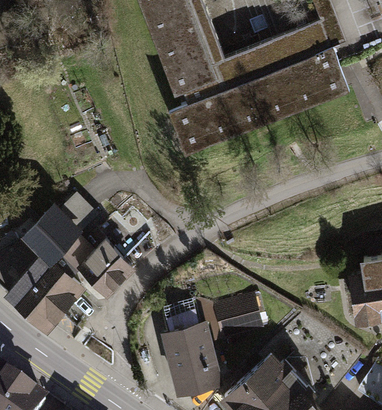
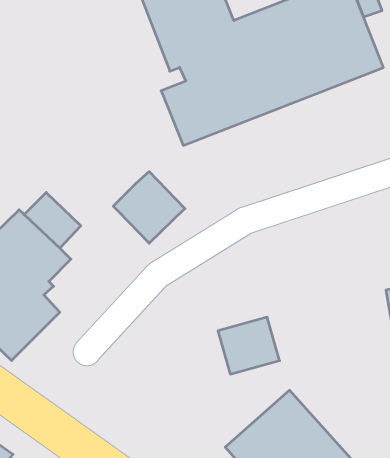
building: [77,236,135,294] -> [113,172,185,243]
building: [161,320,223,394] -> none

